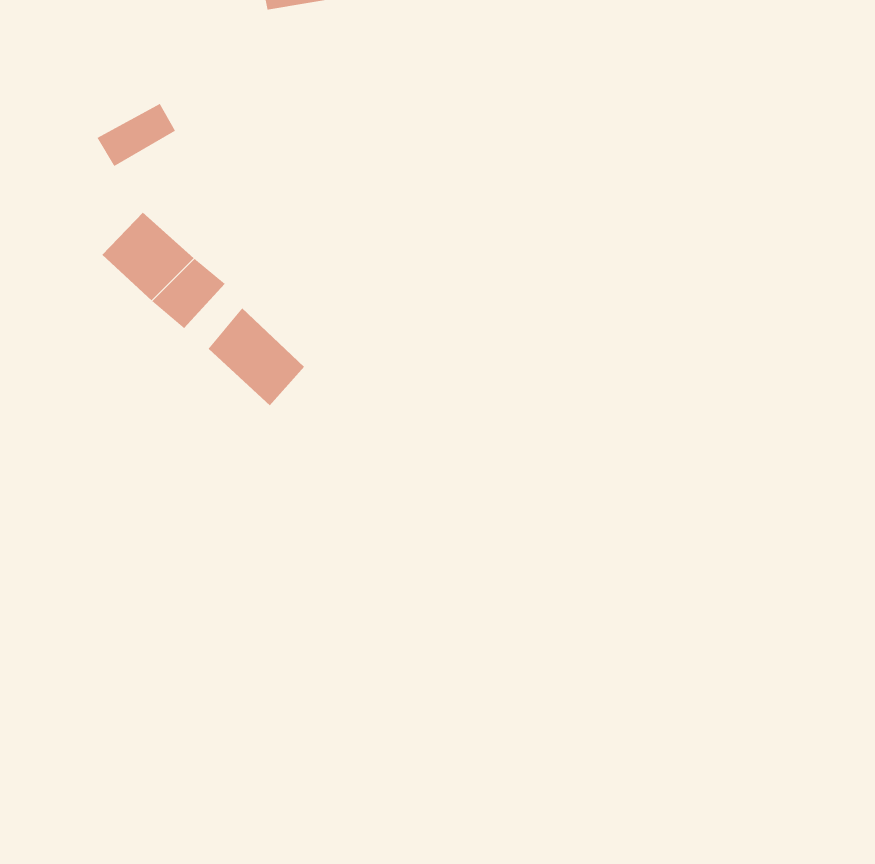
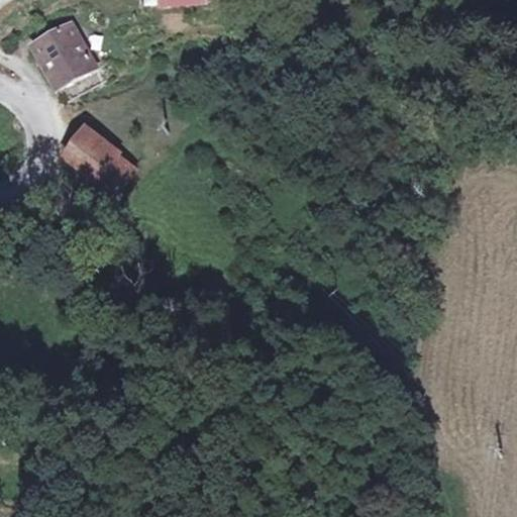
building: none -> [33,20,94,81]
building: [208,308,305,406] -> none

